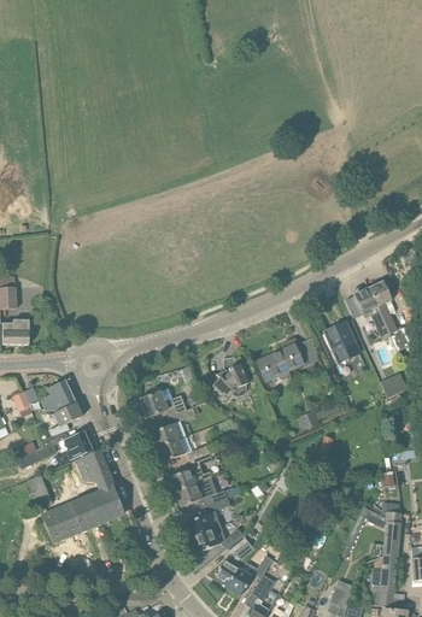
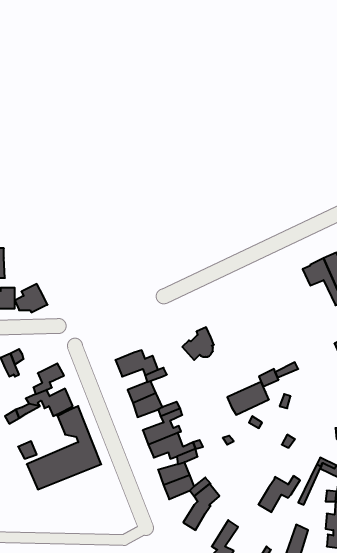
building: [323,321,359,363] -> none
building: [257,345,303,381] -> [227,382,269,415]
building: [40,380,76,411] -> [15,284,48,312]
building: [227,554,272,594] -> [258,476,300,512]

